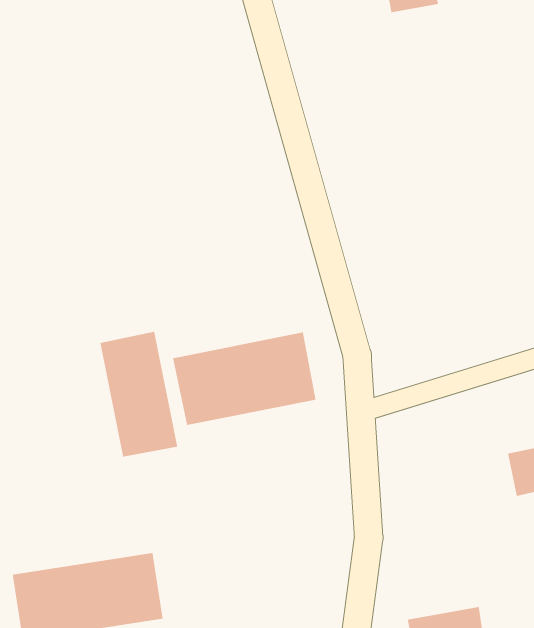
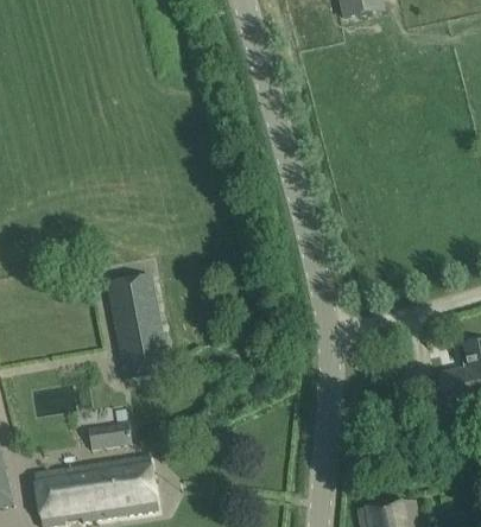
building: [172,332,317,426] -> none
building: none -> [88,420,131,447]

